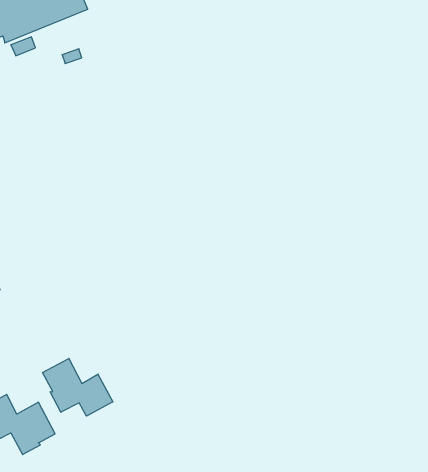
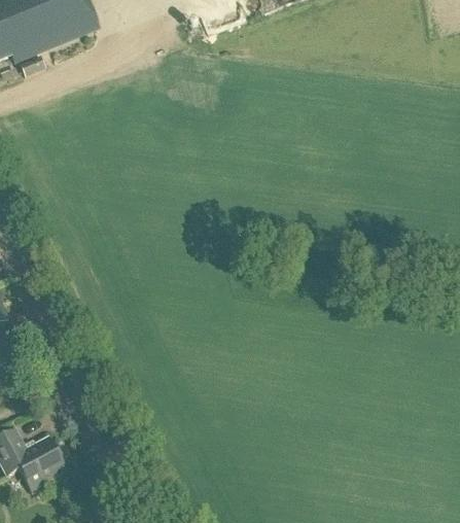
building: [43,358,113,416] -> none

